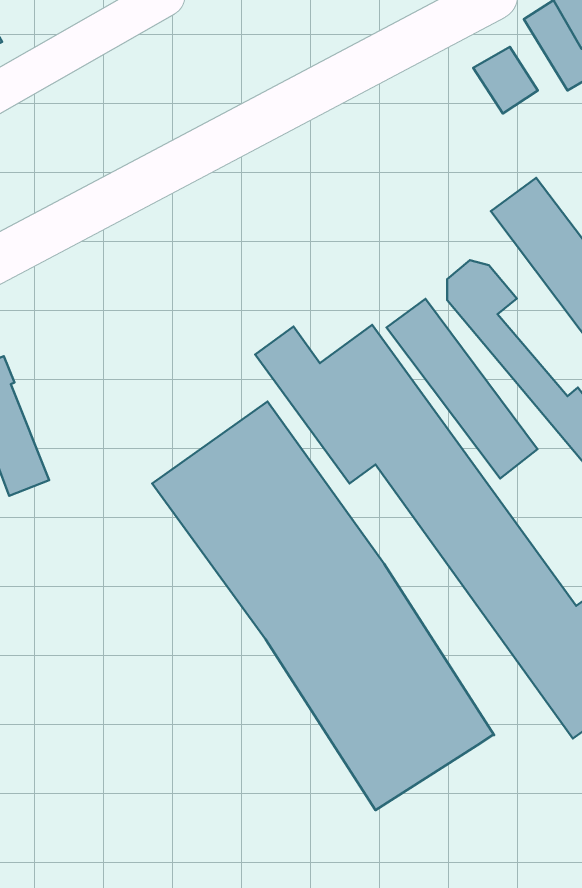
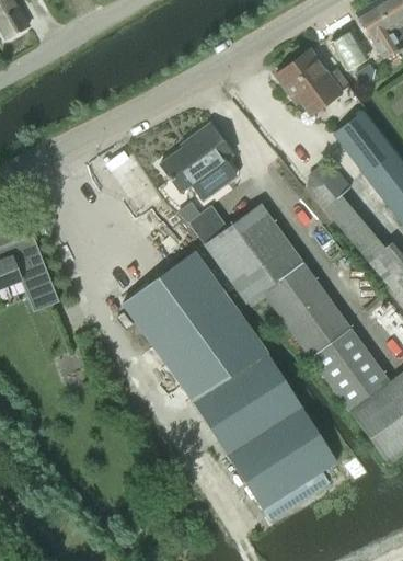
building: none -> [276,48,348,114]
building: none -> [160,123,235,199]
building: [386,299,537,478] -> none

